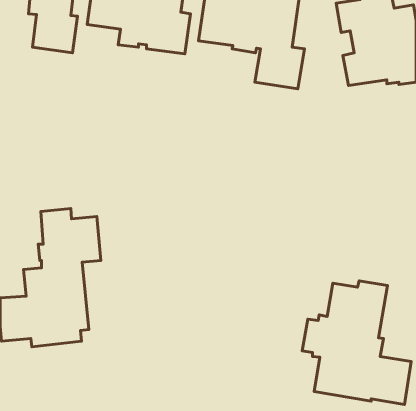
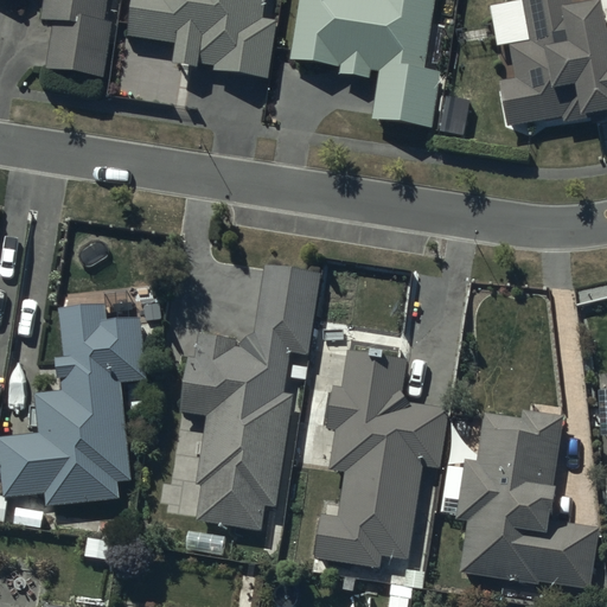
building: none -> [181,264,321,530]
building: none -> [315,351,448,567]

